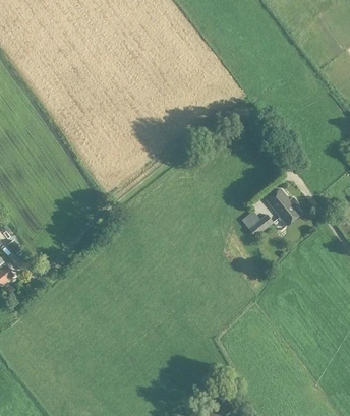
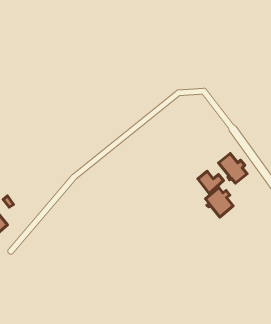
building: none -> [205,188,233,217]

